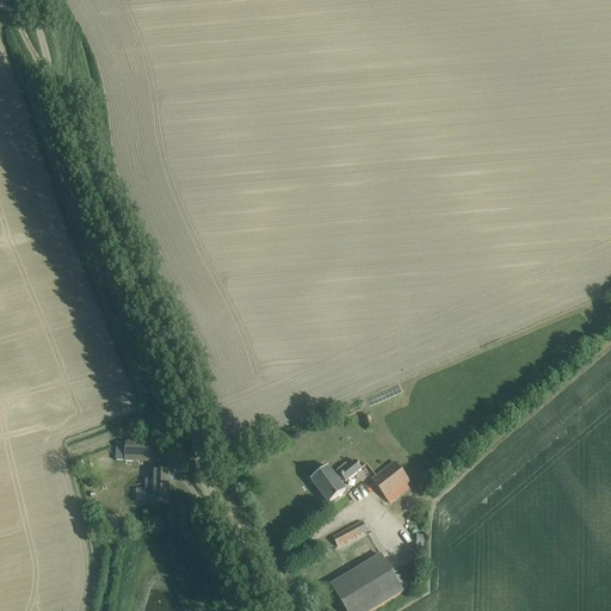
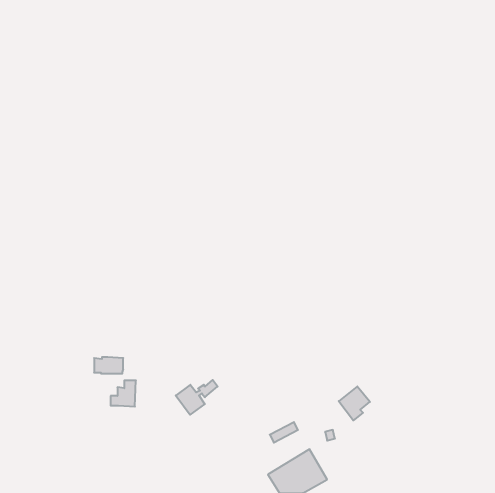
building: [310,458,362,501] -> [176,380,218,415]
building: [372,459,411,501] -> [339,386,370,420]

